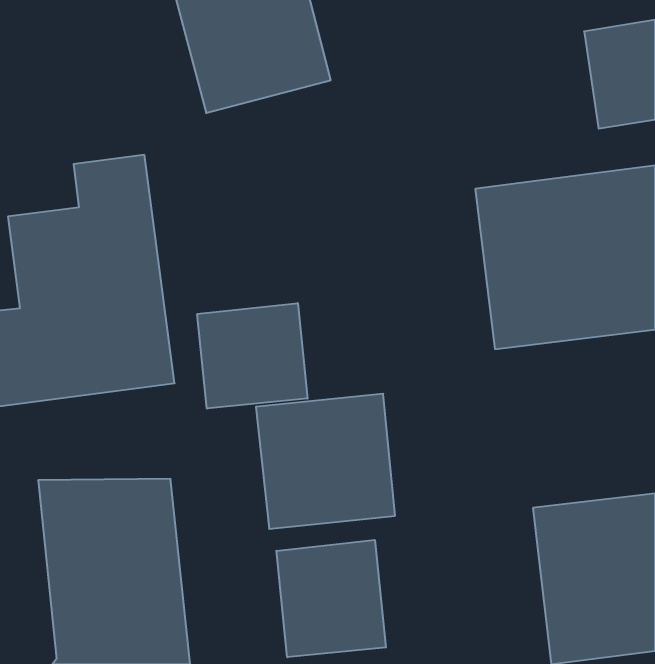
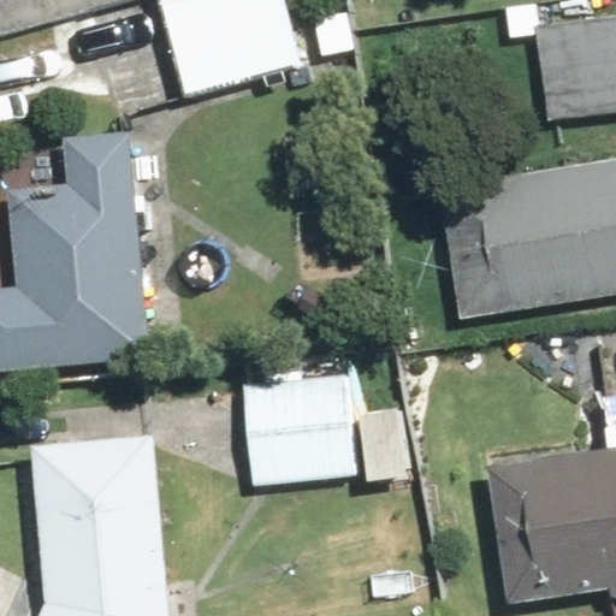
building: [197,303,308,409] -> none
building: [276,540,386,657] -> none

